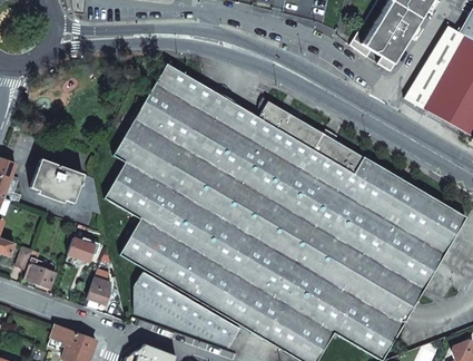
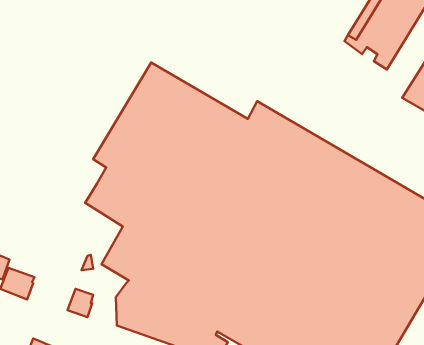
building: [30,158,100,213] -> none
building: [69,232,101,262] -> none

